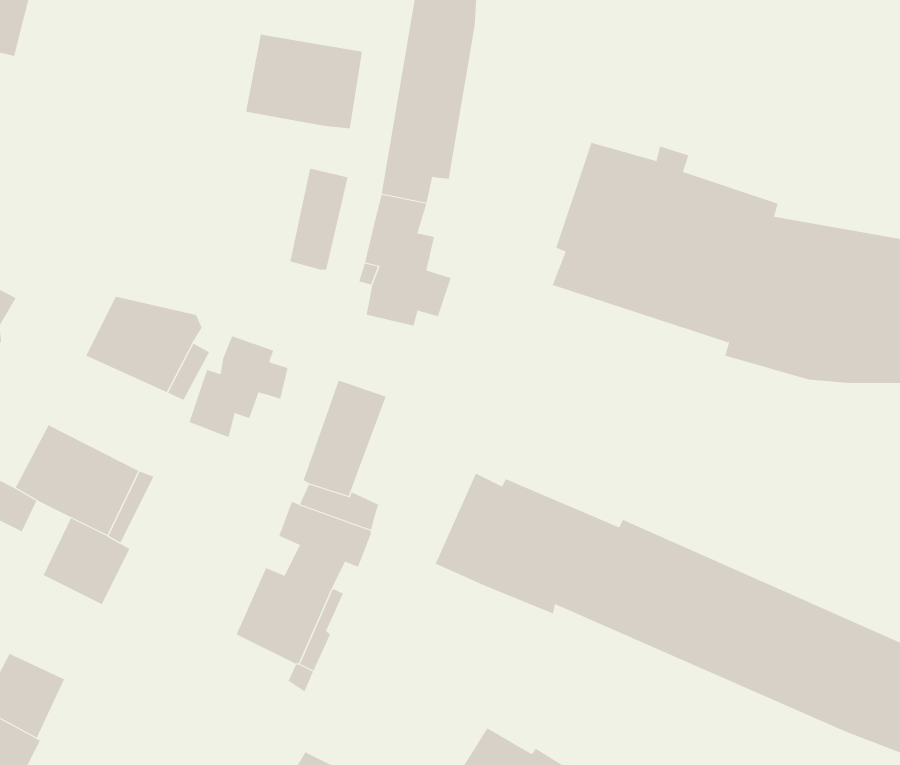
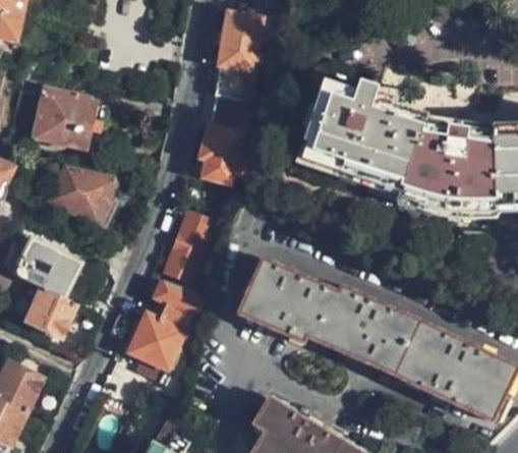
building: [246,34,362,129] -> none
building: none -> [30,89,95,150]
building: [290,168,348,270] -> none
building: [189,335,288,438] -> none

